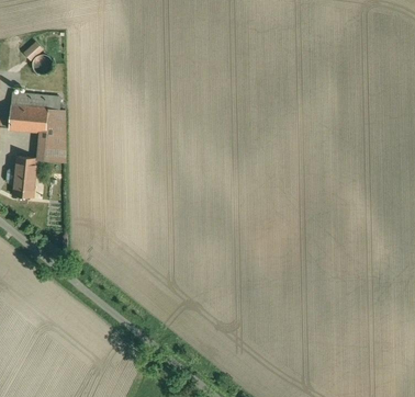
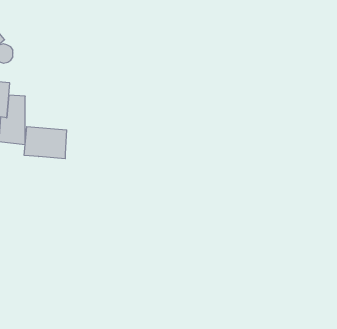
building: none -> [24,127,67,159]

